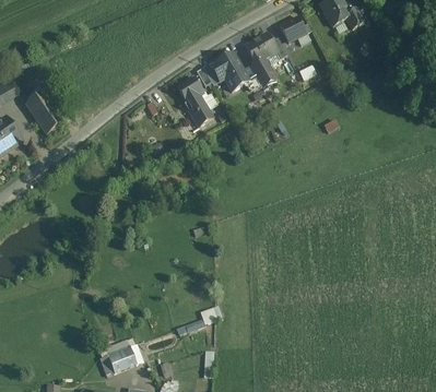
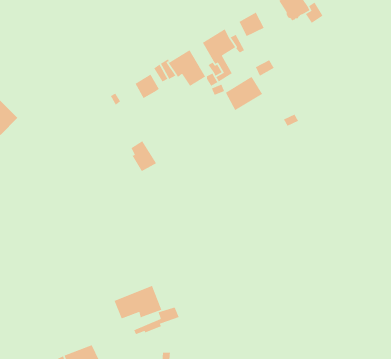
building: none -> [225,76,263,111]
building: [187,95,213,127] -> [130,140,157,172]
building: none -> [114,285,163,319]

